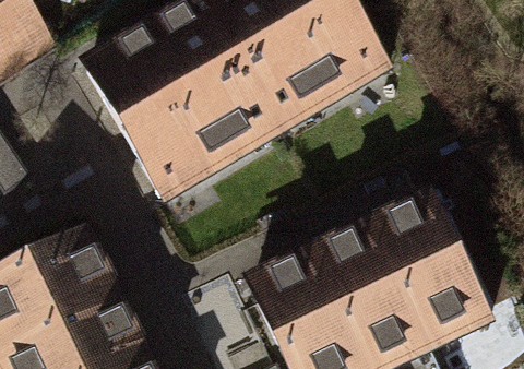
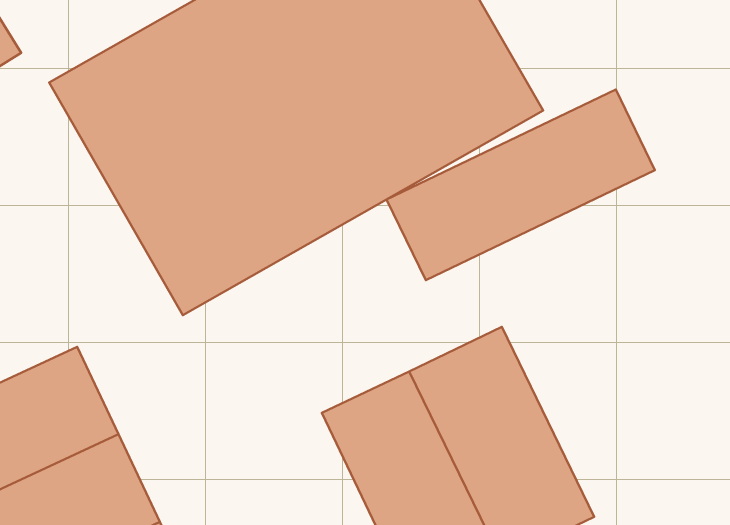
building: none -> [386,90,655,280]
building: [370,194,488,347] -> none

